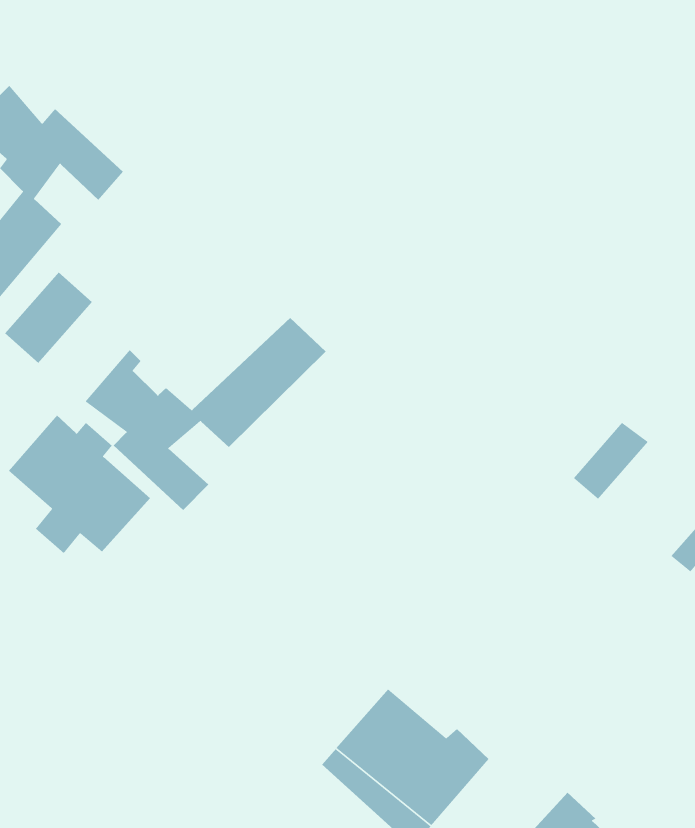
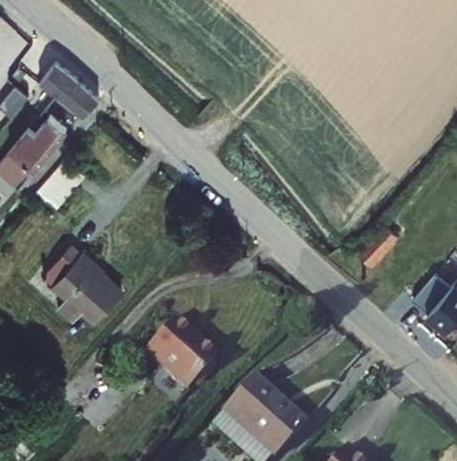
building: [85,317,327,511] -> none
building: none -> [144,318,218,395]

